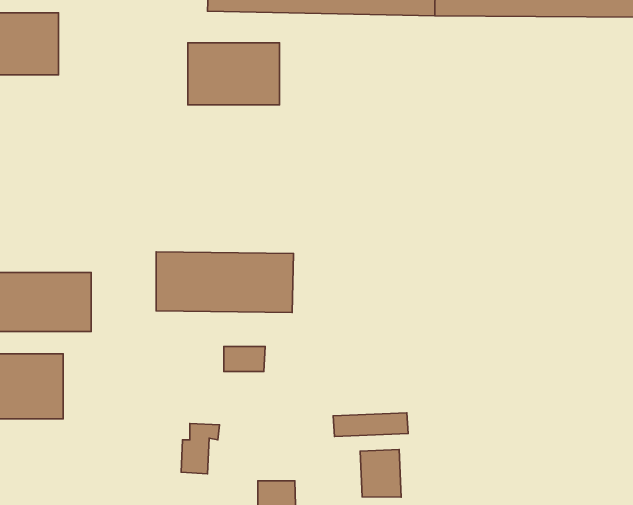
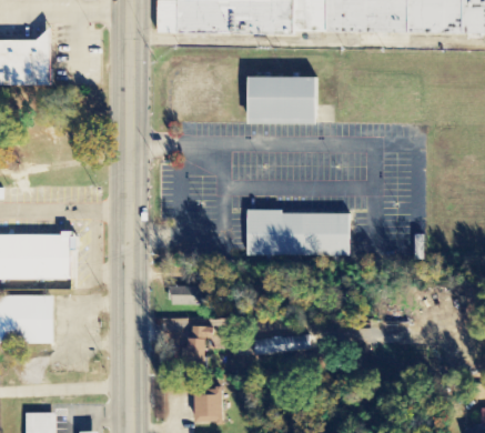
building: [188,43,279,105] -> [245,74,314,121]
building: [156,252,293,312] -> [245,208,348,253]
building: [181,423,219,474] -> [186,326,215,364]
building: [360,449,401,497] -> none

